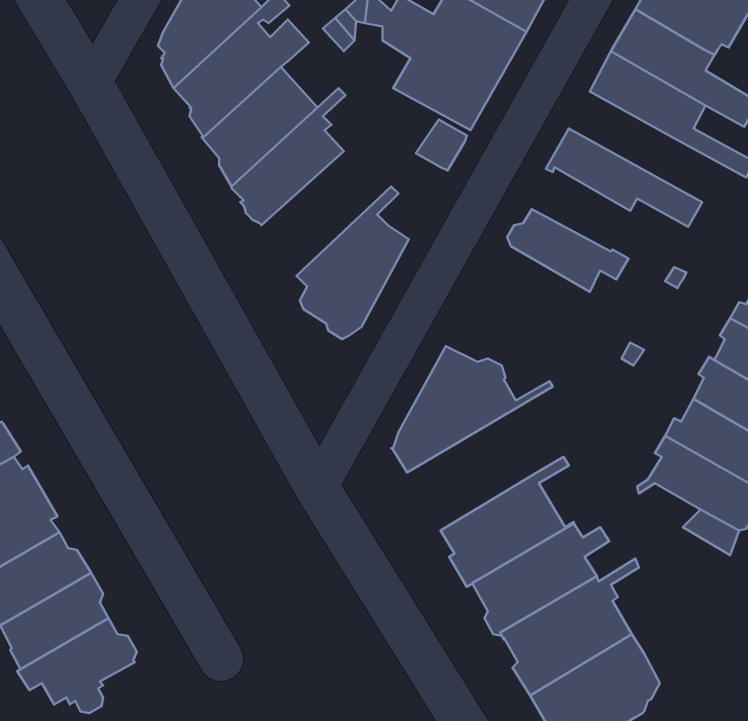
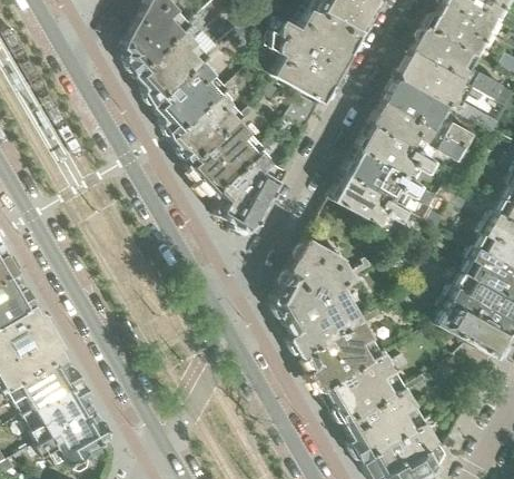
building: none -> [385,77,477,147]
building: none -> [188,106,263,194]
building: none -> [359,125,436,178]
building: none -> [329,175,409,227]
building: none -> [283,264,376,358]

